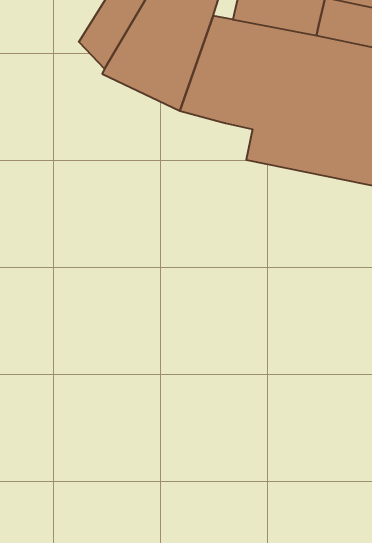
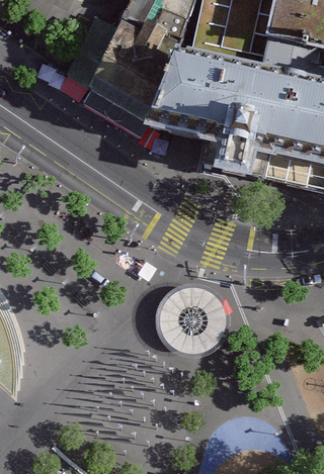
building: none -> [161,286,229,354]

